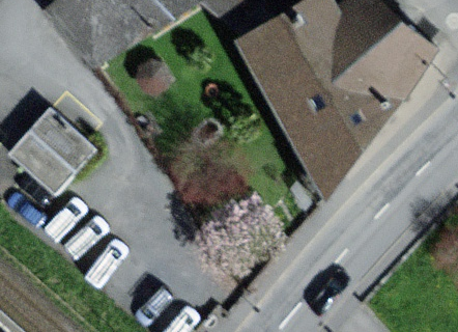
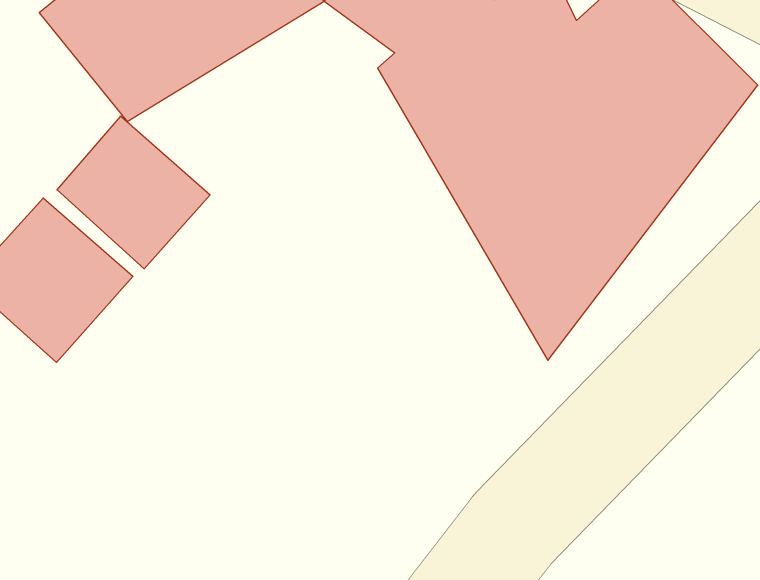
building: none -> [57,116,210,269]

